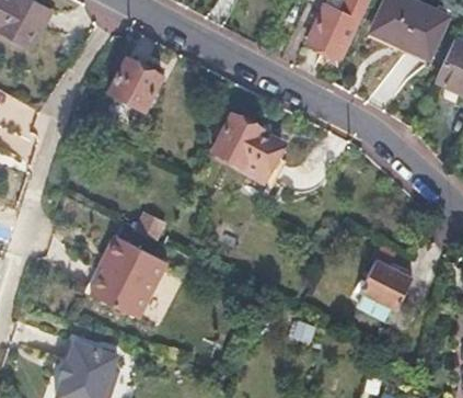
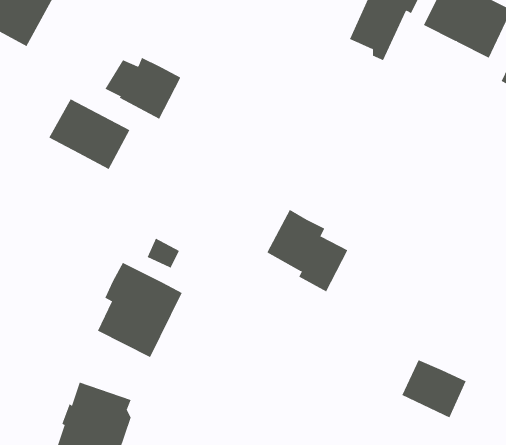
building: none -> [49,99,130,170]
building: [212,113,282,184] -> [267,209,348,292]
building: [360,262,416,312] -> [401,360,466,418]

